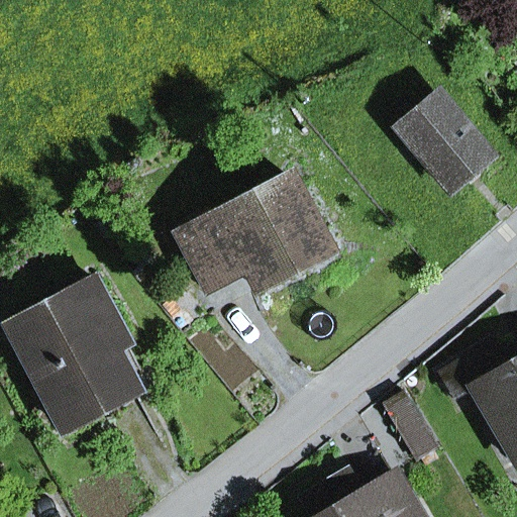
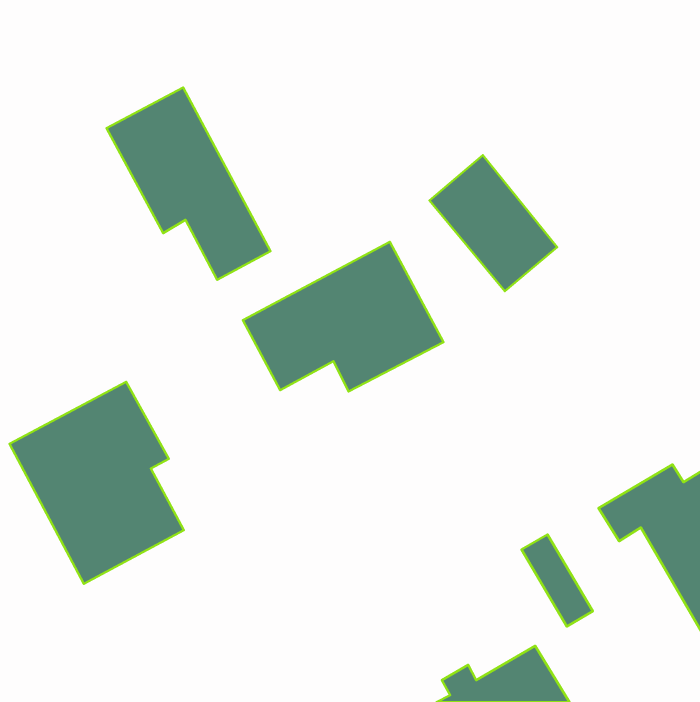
building: none -> [107,87,270,280]
building: [397,93,491,193] -> [429,155,557,291]

